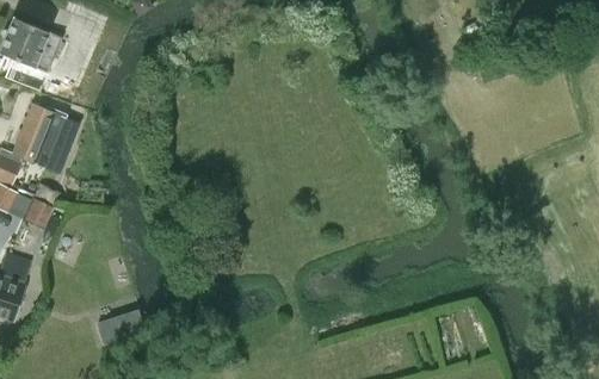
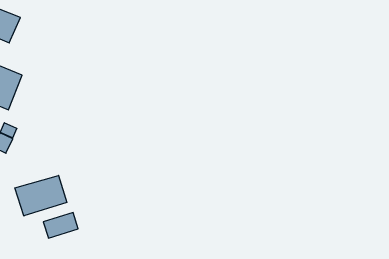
building: none -> [15,175,67,216]

